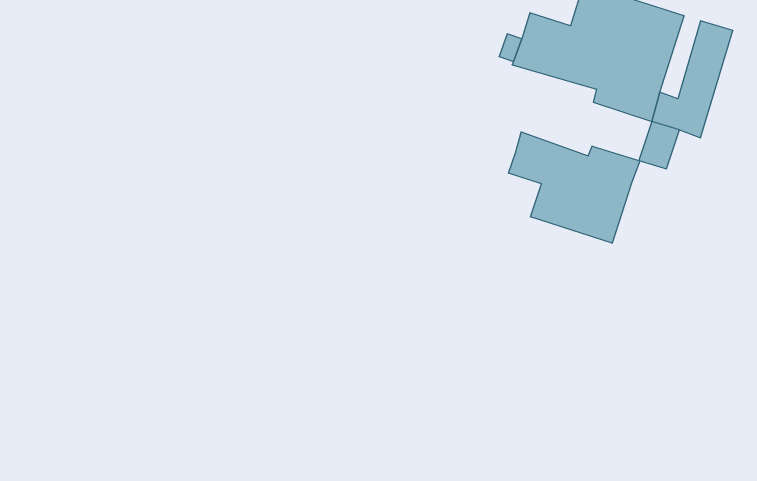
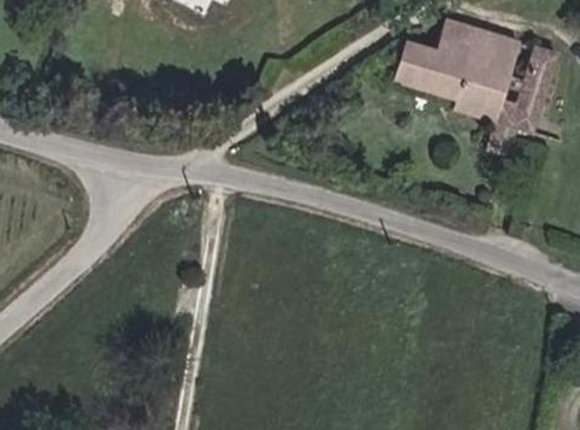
building: [509,132,640,243] -> none

